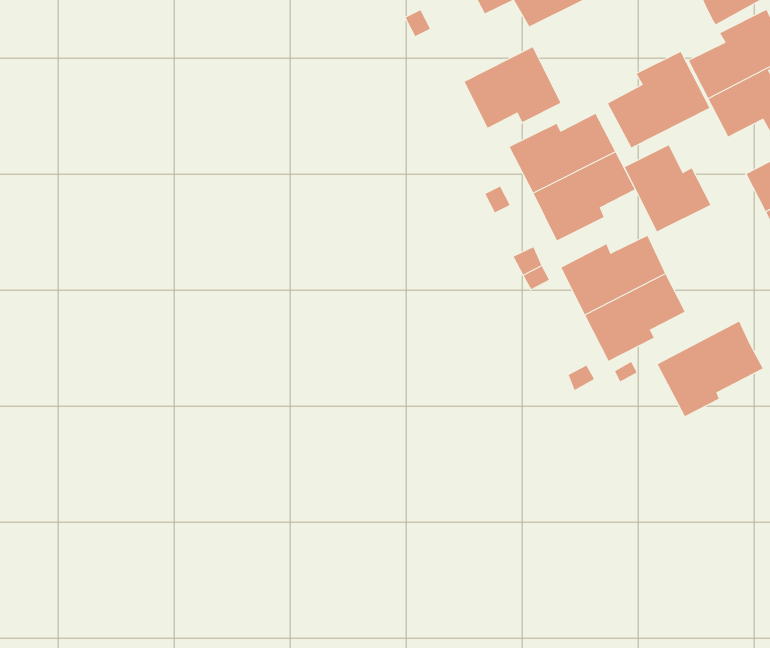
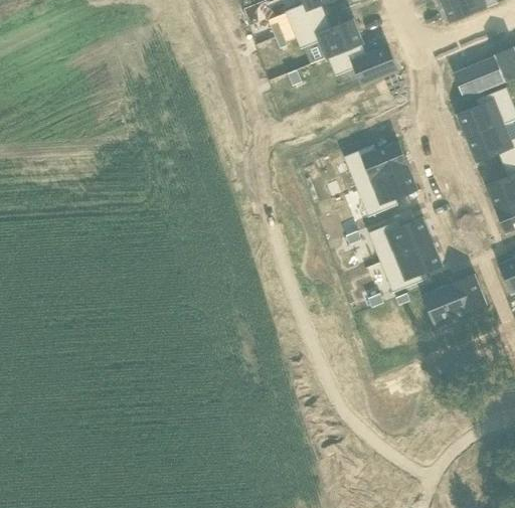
building: [464,47,561,128] -> none
building: [607,51,710,148] -> none
building: [624,145,711,232] -> none

